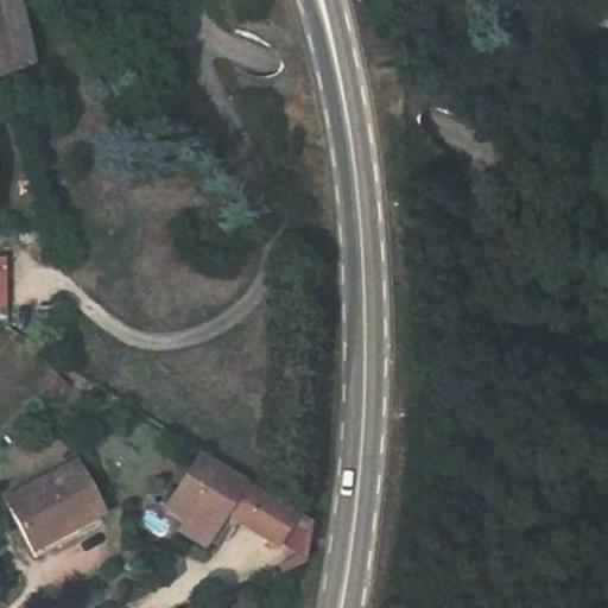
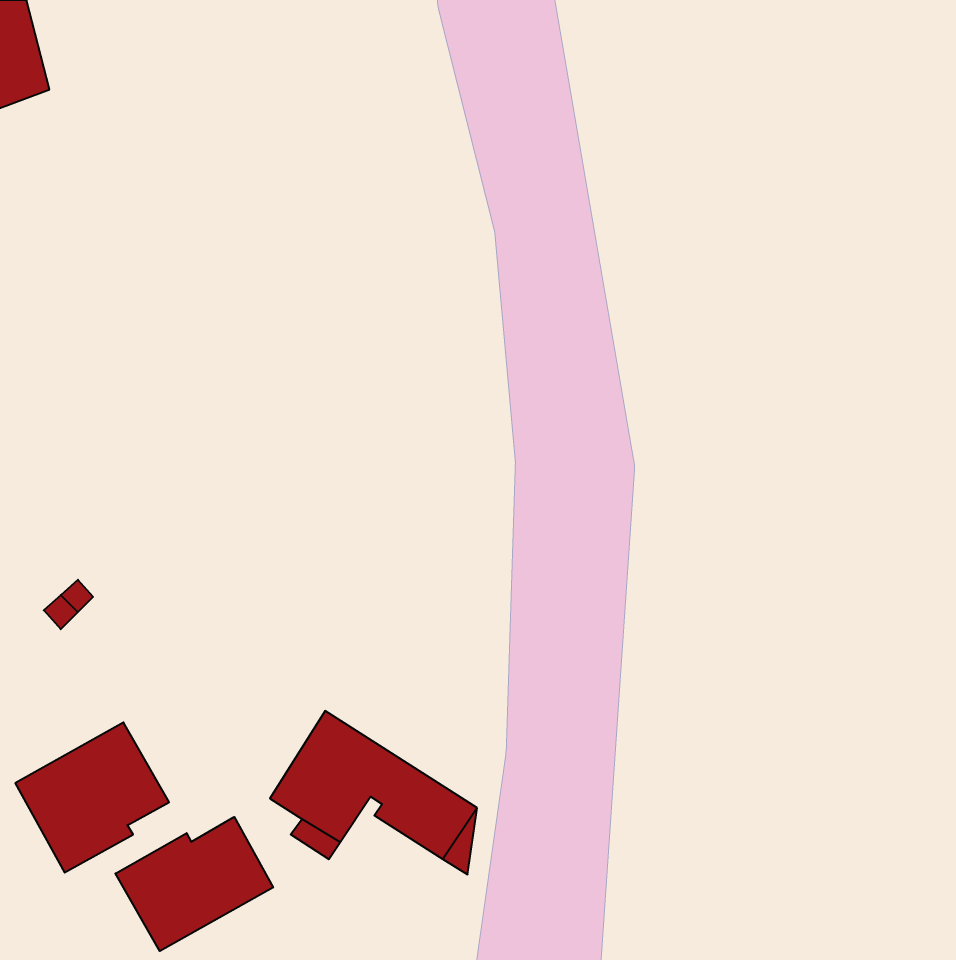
building: none -> [115,817,273,951]

